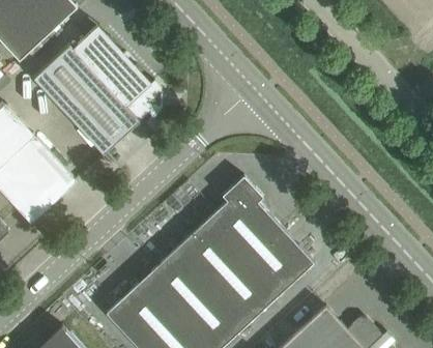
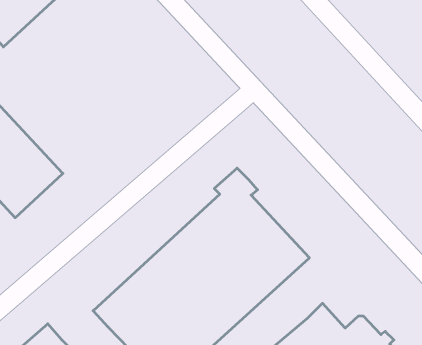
building: [33,28,161,154] -> none

